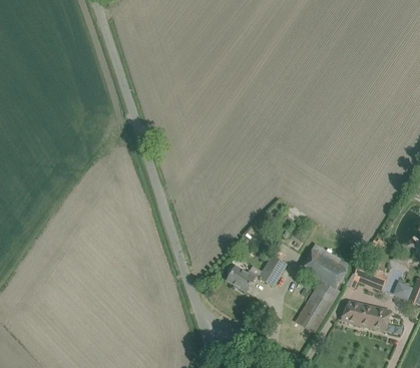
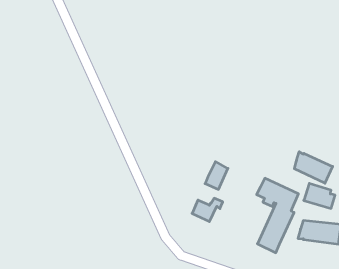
building: none -> [294,152,333,183]
building: [259,255,286,286] -> [205,162,228,189]

